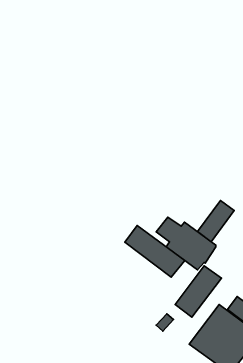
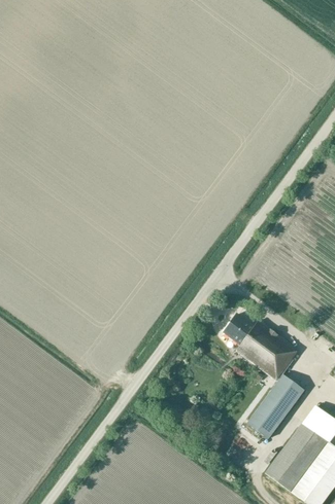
building: [197,200,234,242] -> none
building: [125,226,185,277] -> none

